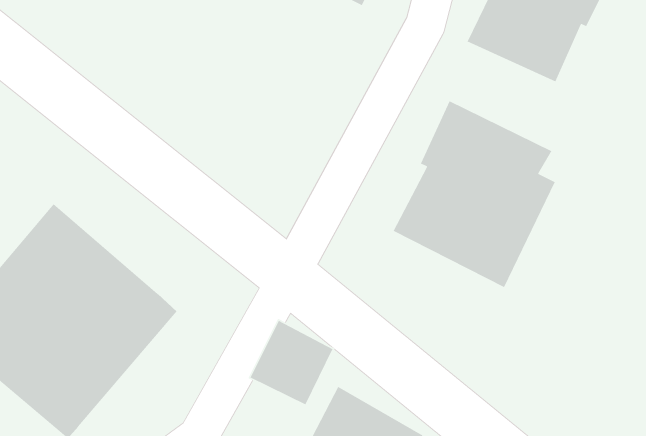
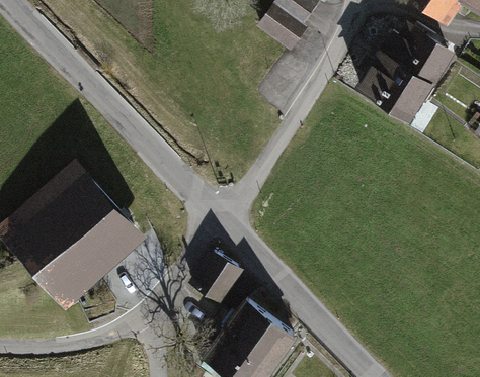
building: [393,100,556,288] -> none

